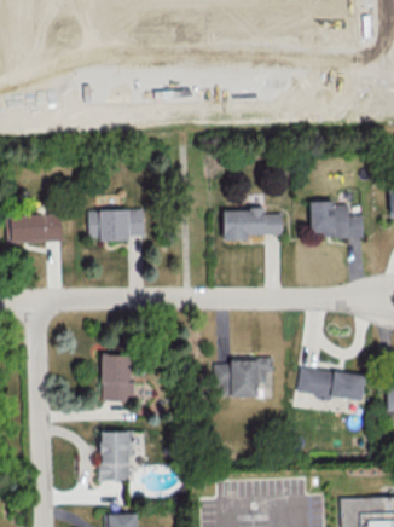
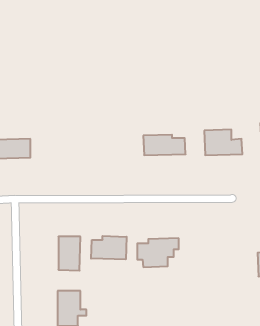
building: [88,209,146,241] -> none
building: none -> [91,236,127,259]
building: [297,369,364,401] -> none

